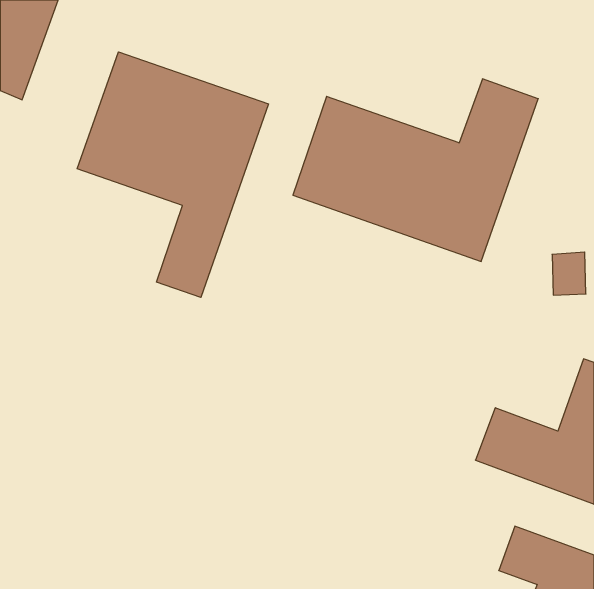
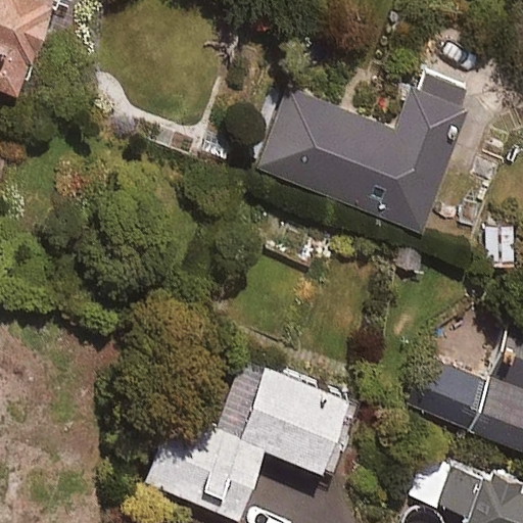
building: [77,52,269,297] -> none
building: none -> [145,358,350,517]

